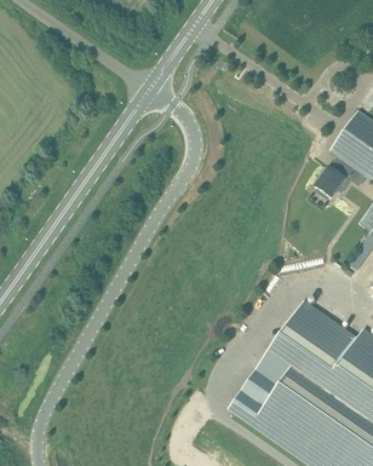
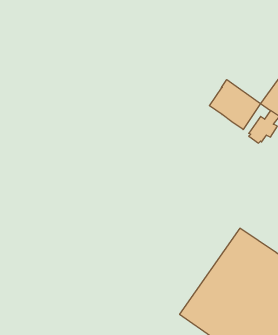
building: none -> [209,80,261,130]

